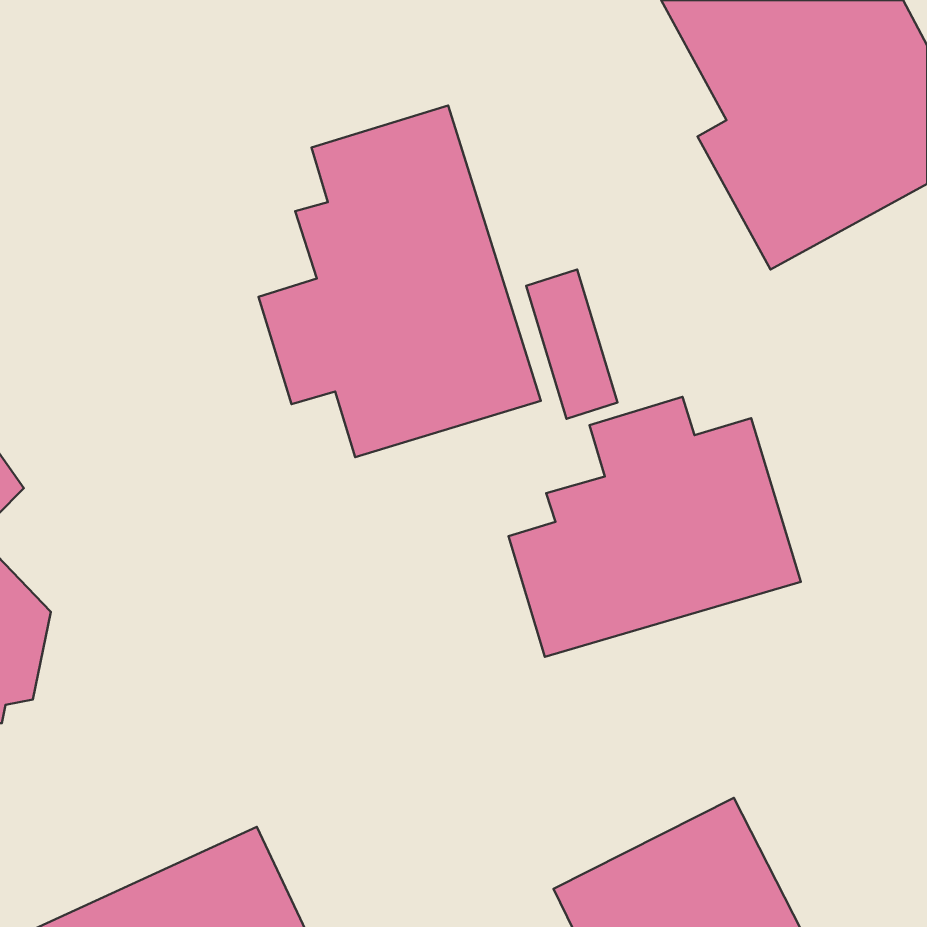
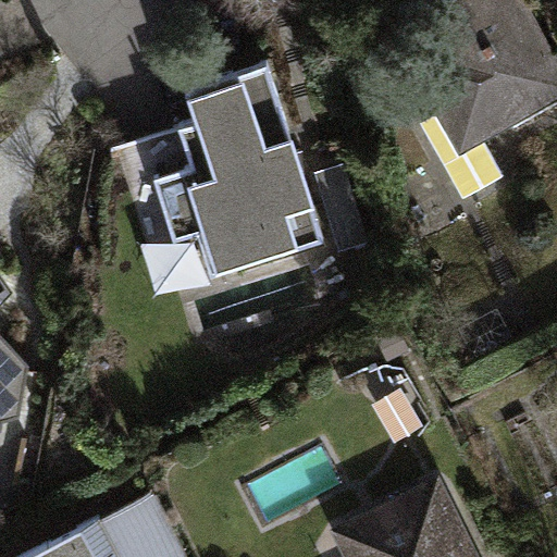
building: [508,397,801,657] -> none

